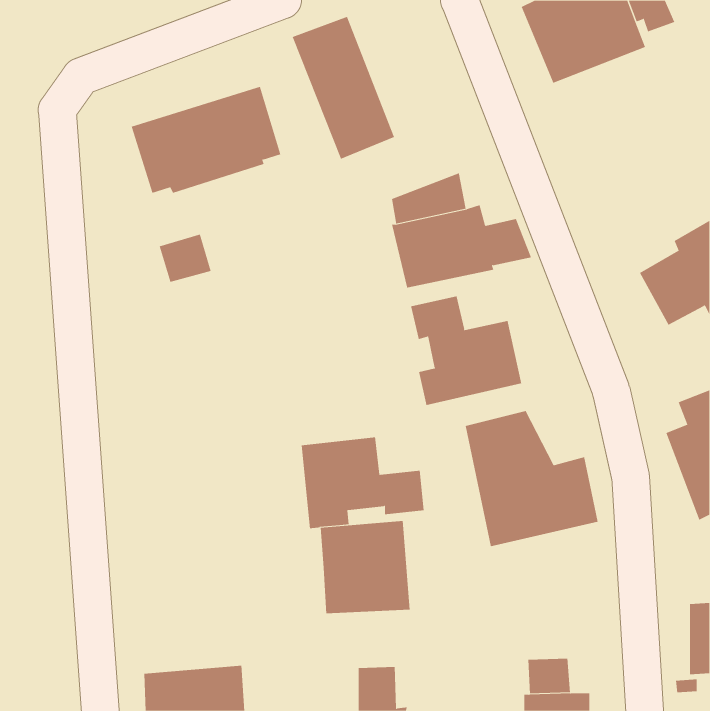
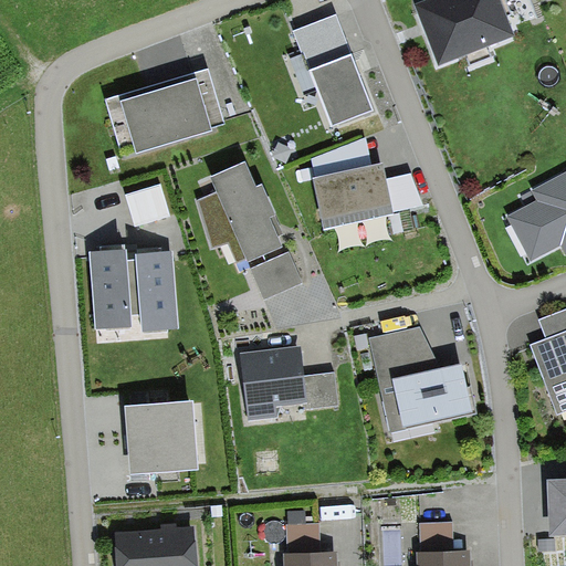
building: [292,16,395,159] -> [292,13,374,127]
building: none -> [197,161,282,262]
building: [411,295,522,406] -> none
building: none -> [91,244,177,332]
building: none -> [250,252,301,298]
building: [320,521,410,614] -> [126,400,198,474]

